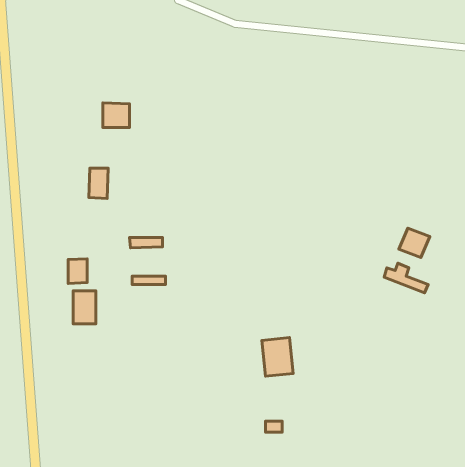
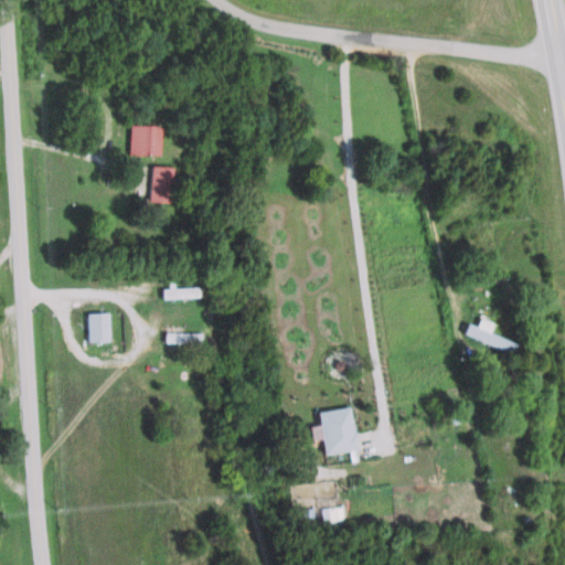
building: [89,168,108,198] -> [150,168,173,204]
building: [399,228,430,258] -> none
building: [73,291,96,324] -> none

